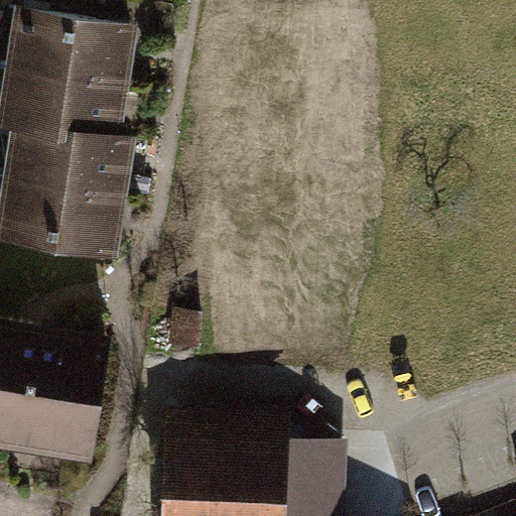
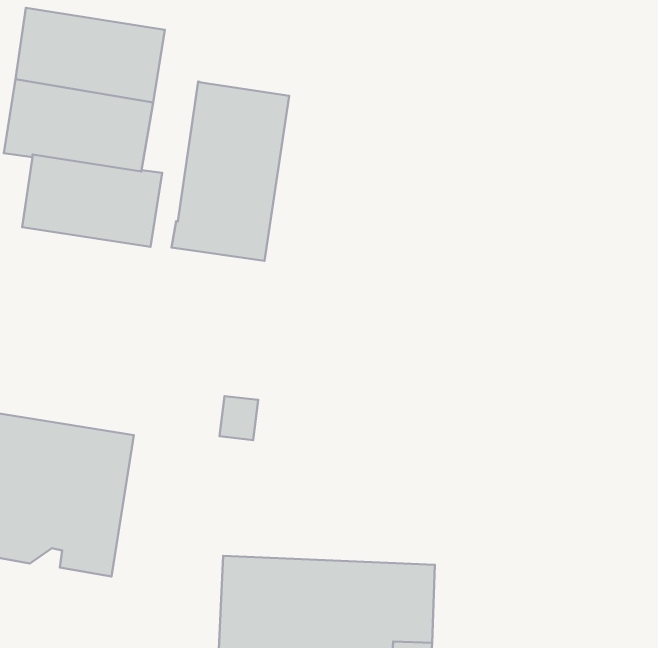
building: none -> [172,82,289,261]
building: [8,188,117,259] -> none

